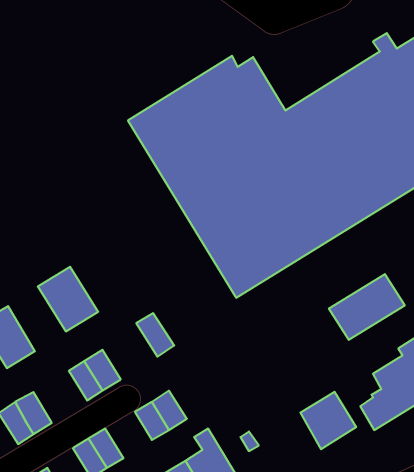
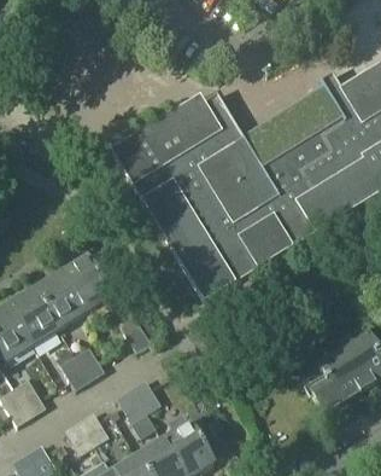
building: none -> [61,256,111,310]
building: [329,274,405,340] -> none
building: none -> [8,289,58,344]
building: [300,392,356,449] -> none

